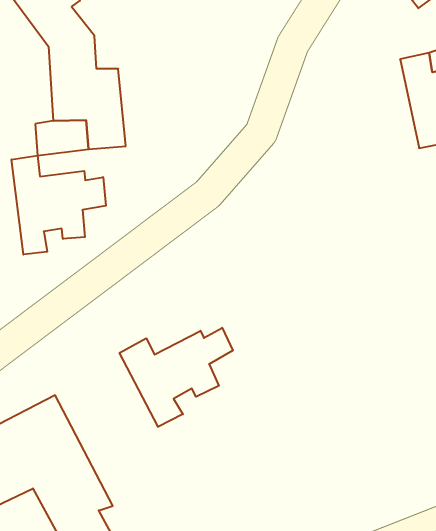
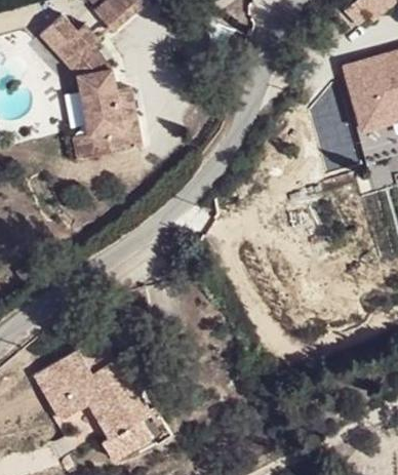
building: [12,156,106,255] -> none
building: [120,328,233,427] -> none

